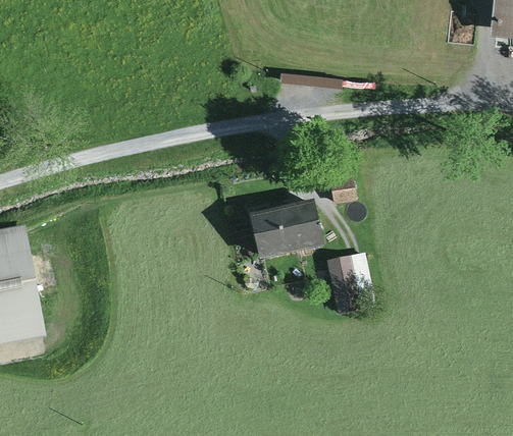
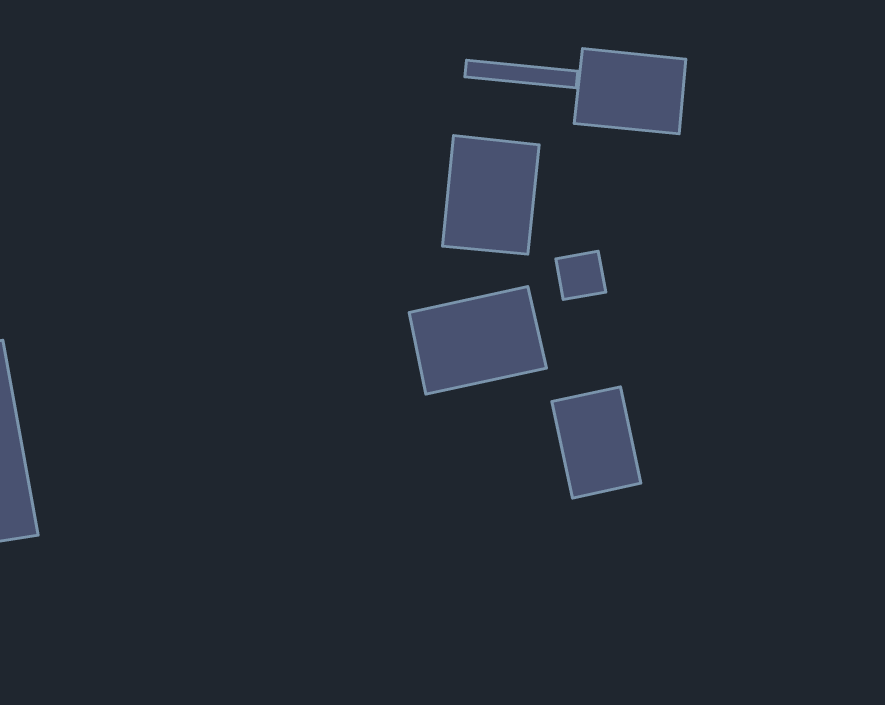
building: none -> [574,48,686,134]
building: none -> [442,136,539,254]

